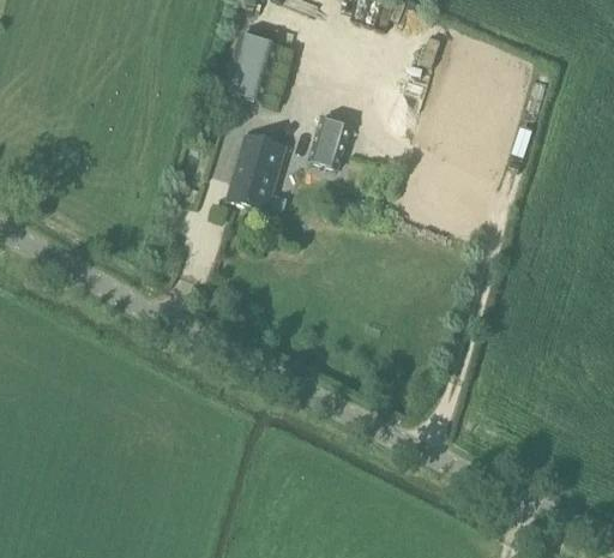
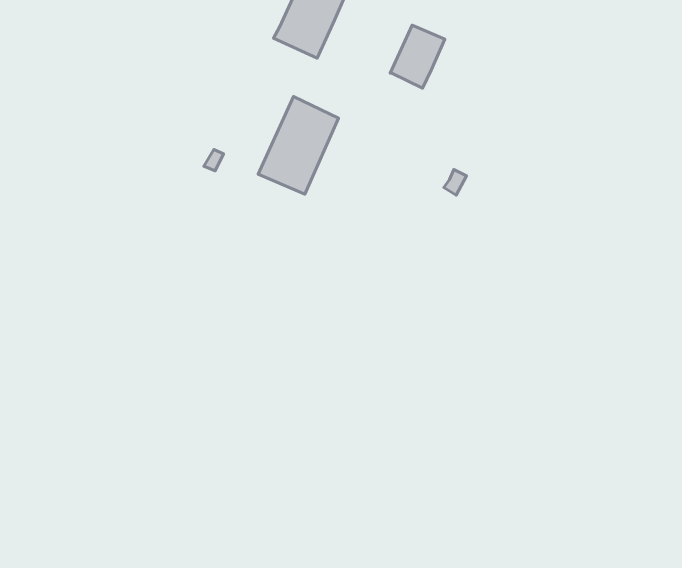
building: [309,118,349,167] -> [390,25,445,88]

